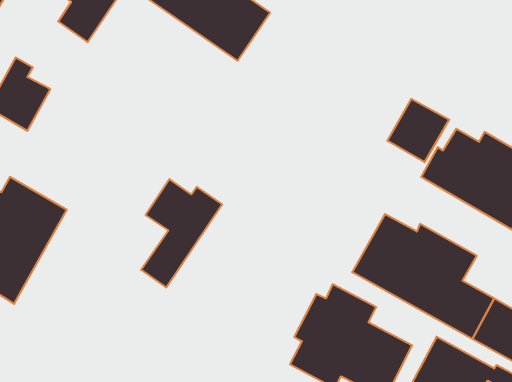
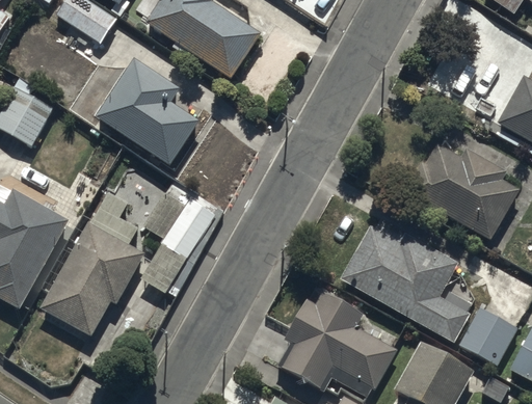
building: none -> [96,57,201,166]
building: [387,99,449,162] -> none
building: none -> [38,191,145,338]

